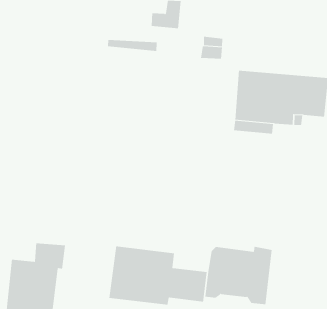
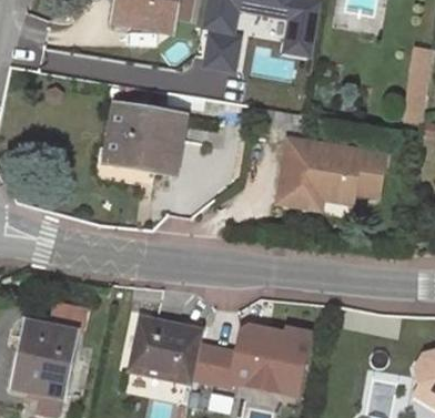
building: none -> [108,108,183,172]

